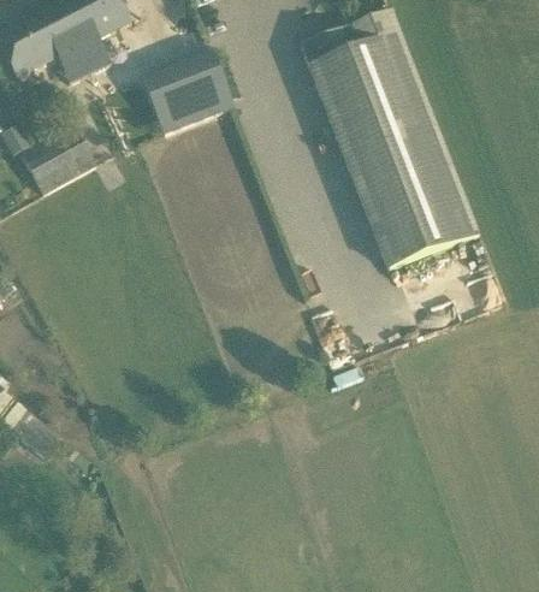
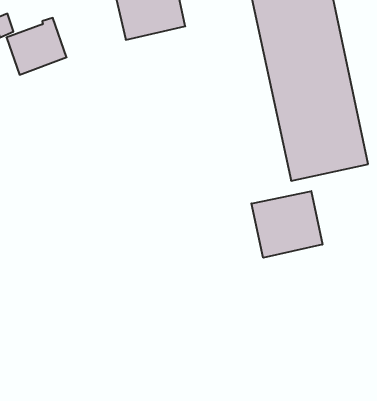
building: none -> [251,191,322,258]

